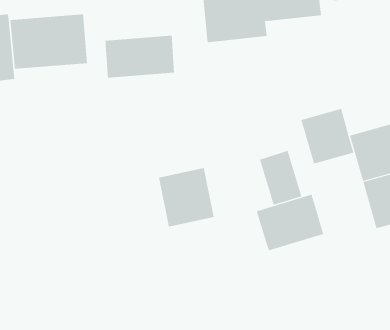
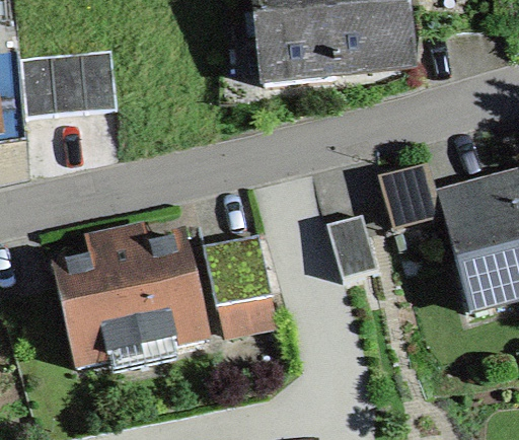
building: [105,35,174,78] -> none
building: none -> [55,238,209,367]
building: [256,194,324,251] -> none

